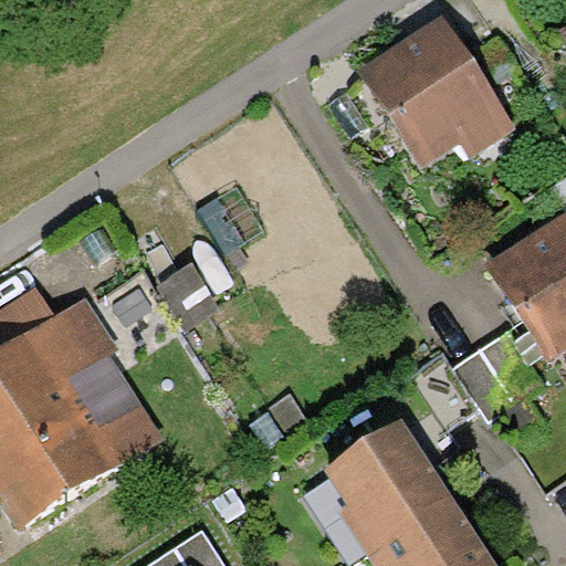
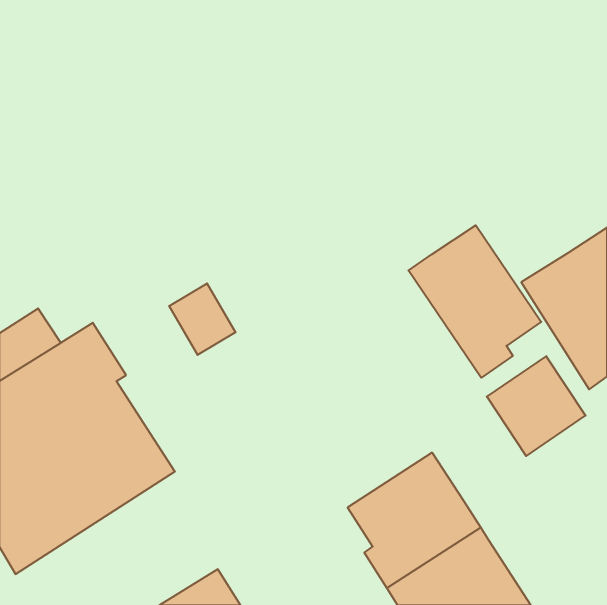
building: [357,17,516,169] -> none
building: none -> [408,225,541,378]

